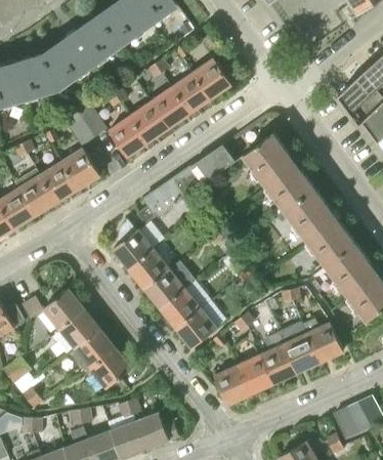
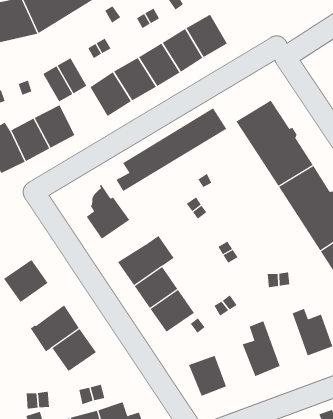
building: [129,250,170,289] -> none
building: [59,311,99,350] -> none
building: [280,323,321,373] -> none
building: [238,356,274,394] -> none

